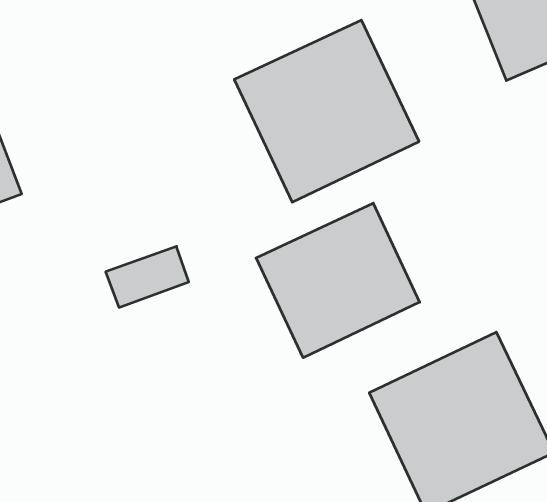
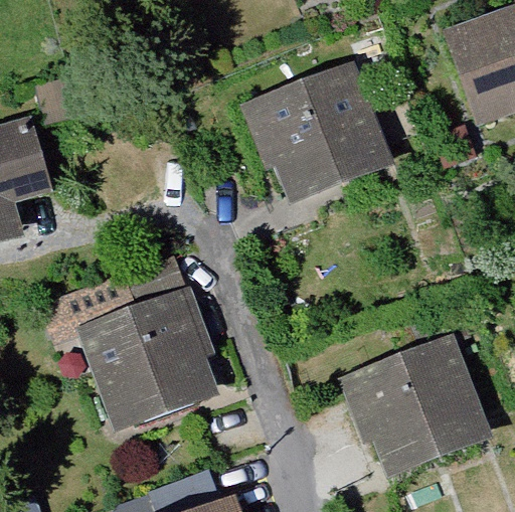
building: [256,203,420,358] -> none
building: none -> [73,290,227,433]

